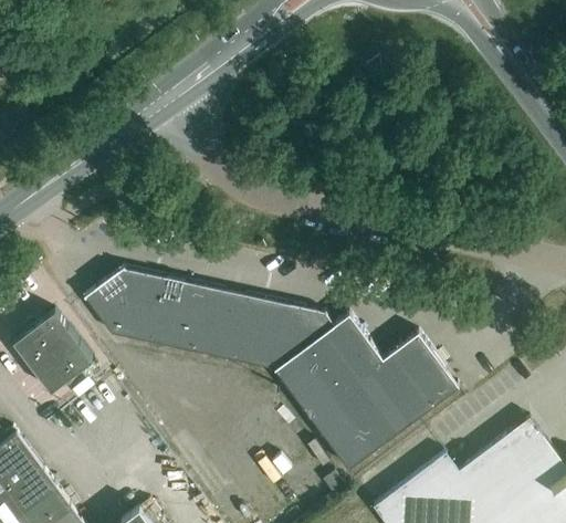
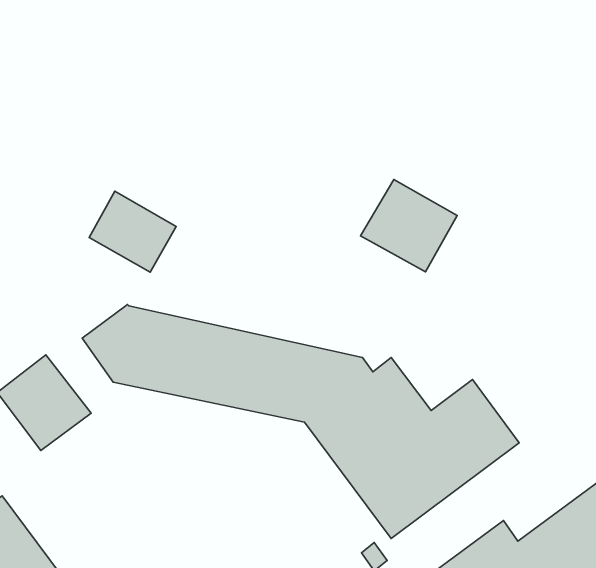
building: none -> [361,180,457,272]
building: none -> [89,191,176,272]

